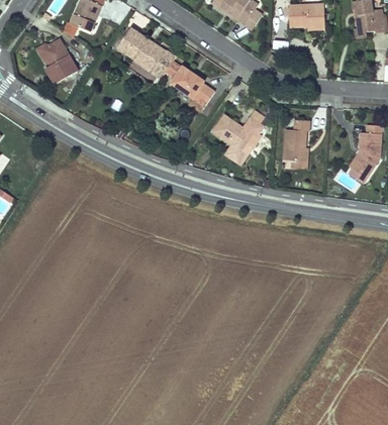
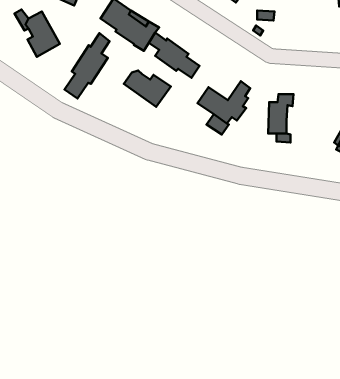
building: none -> [64,33,110,99]
building: none -> [124,70,171,107]

